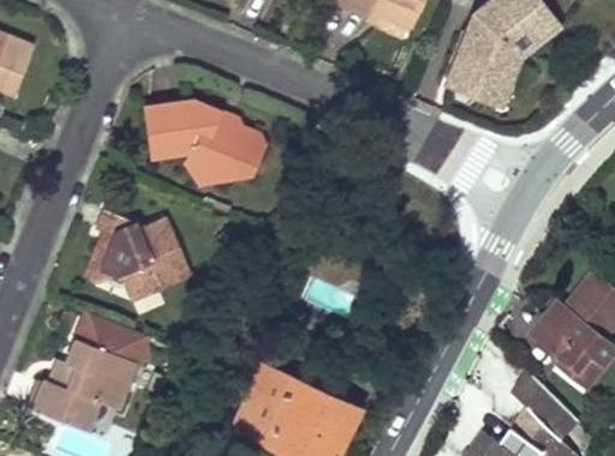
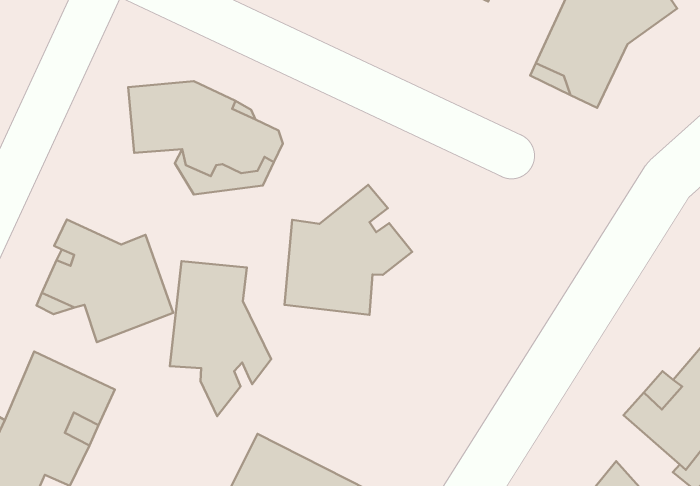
building: none -> [284,185,412,315]
building: none -> [170,261,271,416]

